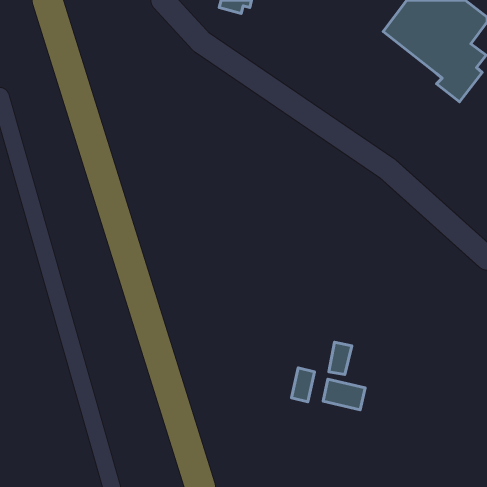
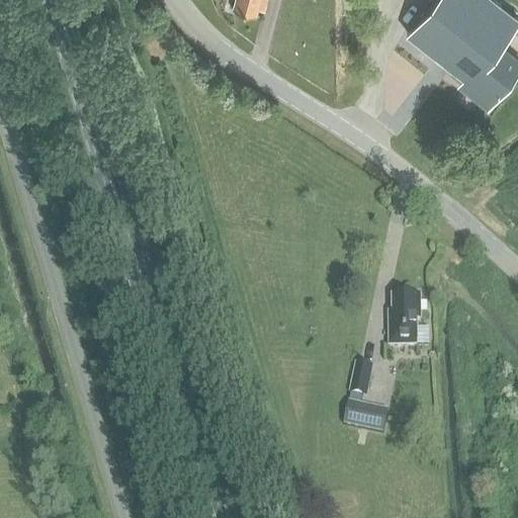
building: none -> [391,297,421,347]
building: [291,368,315,402] -> none

